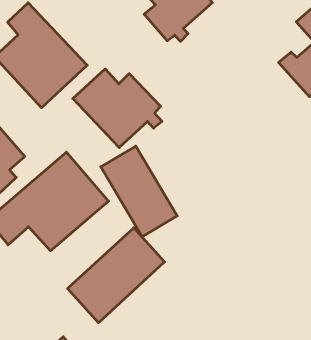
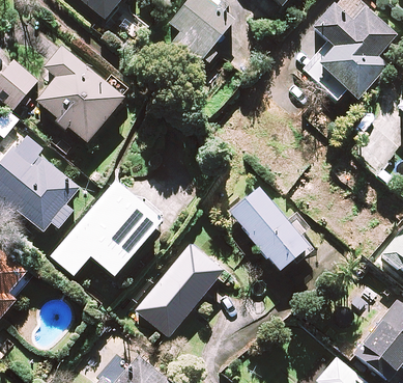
building: [73,69,162,148] -> none
building: [101,146,177,237] -> [230,187,308,271]

